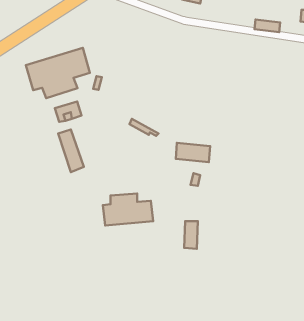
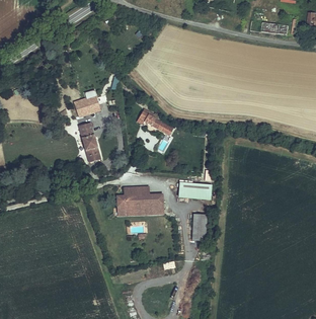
building: [26,48,90,98] -> none
building: [176,143,210,162] -> [176,179,209,197]

